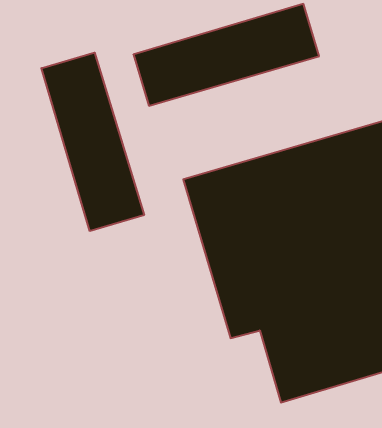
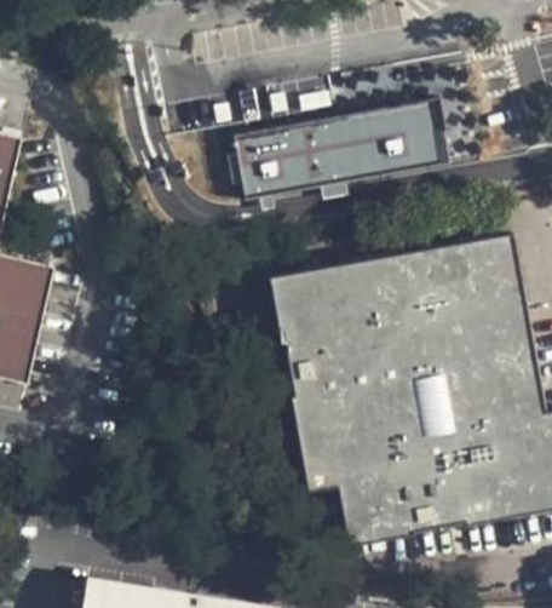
building: [41,53,144,231] -> none

